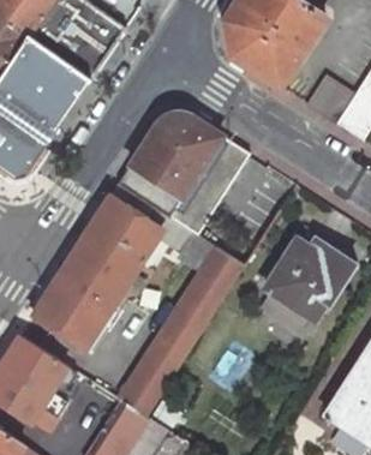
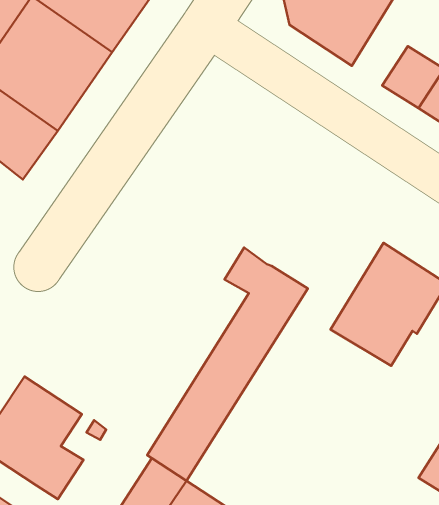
building: [116,115,251,232] -> none
building: [34,196,158,347] -> none

